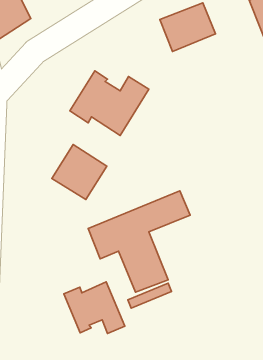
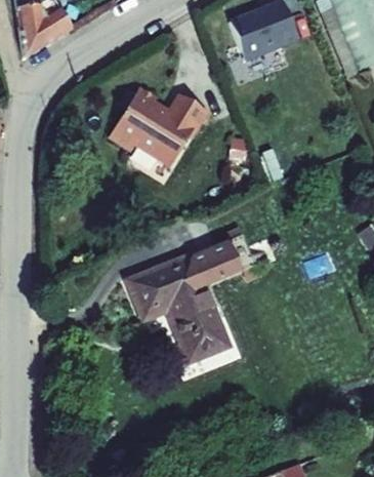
building: [52,144,107,199] -> none
building: [64,282,125,334] -> none

